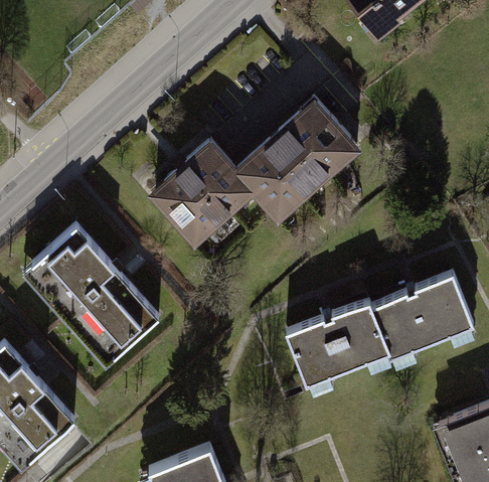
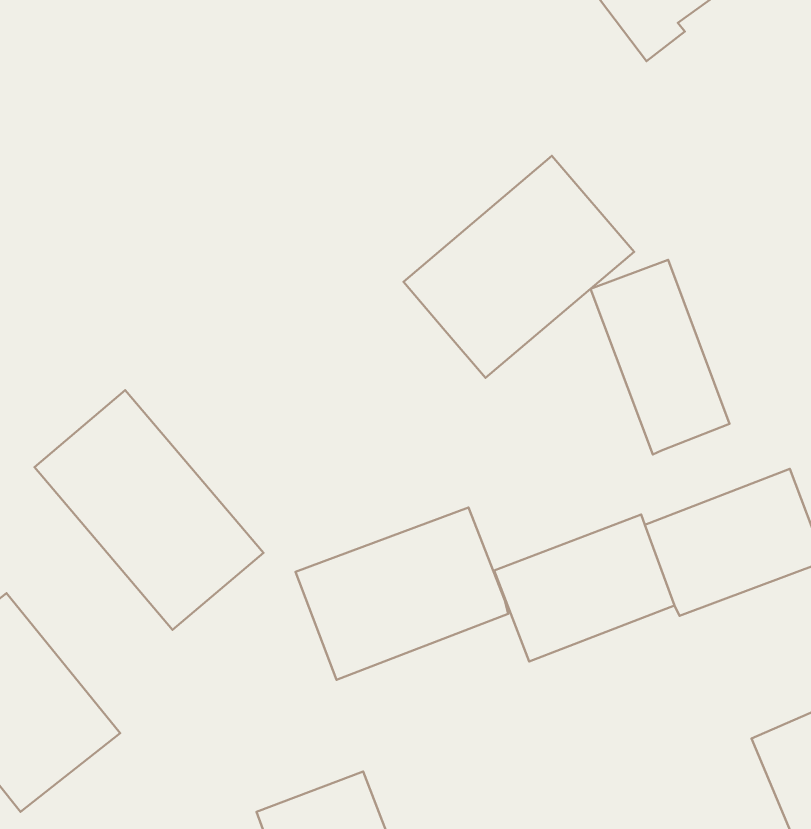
building: [151,140,259,247] -> none
building: none -> [591,260,730,454]
building: none -> [295,507,508,680]

